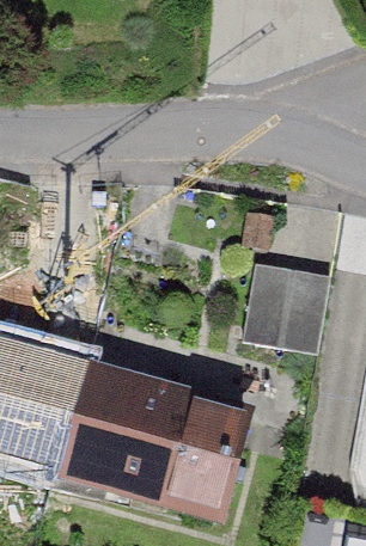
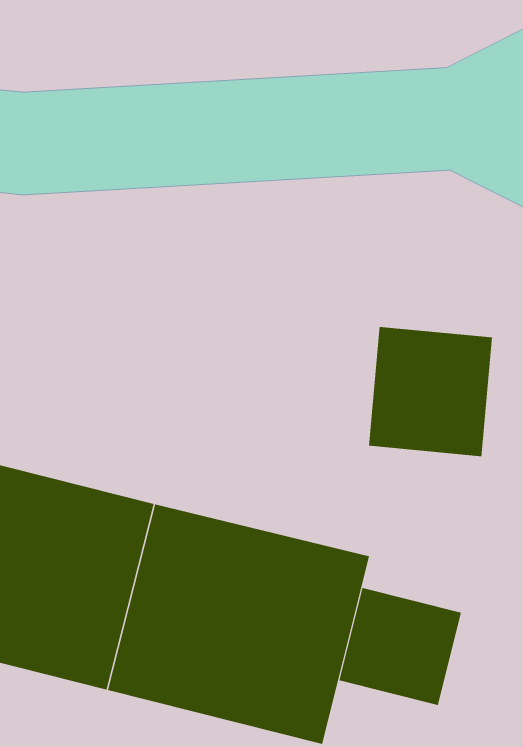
building: none -> [339,587,461,706]

